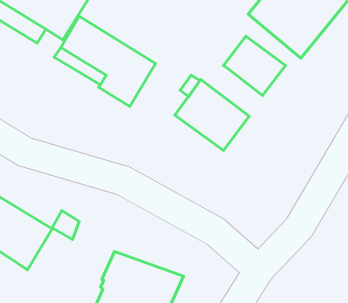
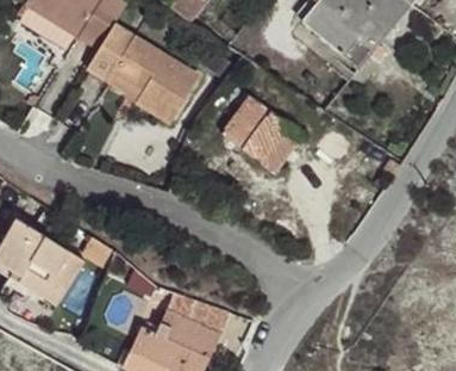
building: [224,36,286,95] -> none

